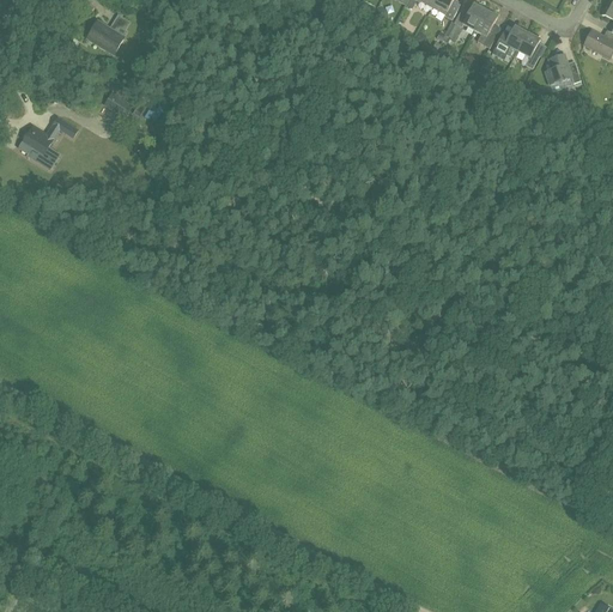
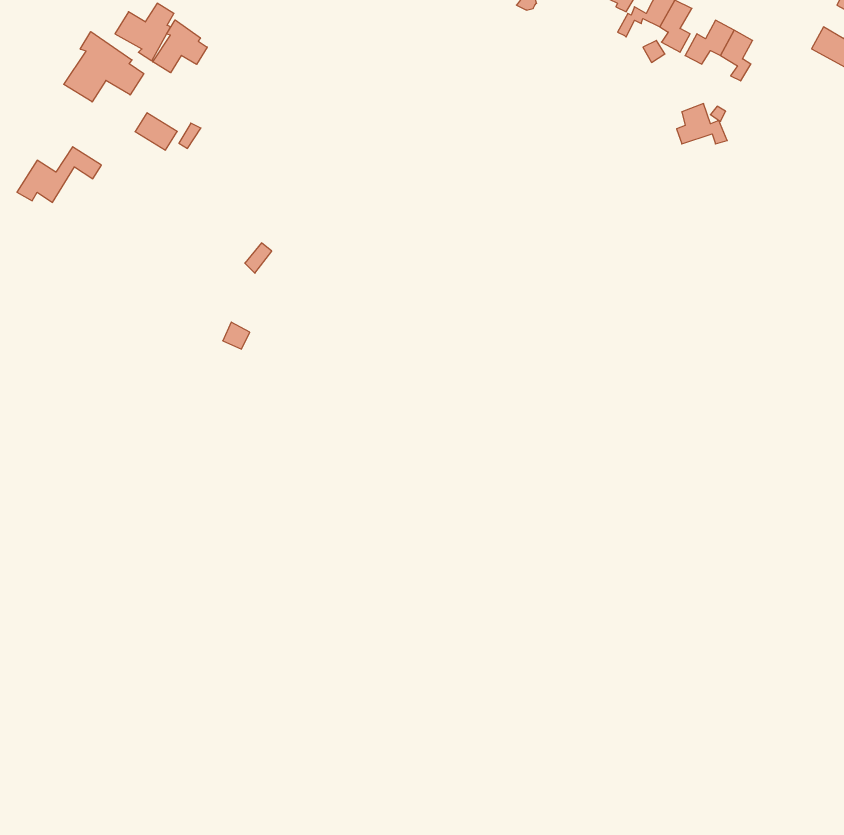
building: none -> [153,20,207,73]
building: none -> [64,32,144,102]
building: [545,53,581,81] -> [677,104,727,144]

